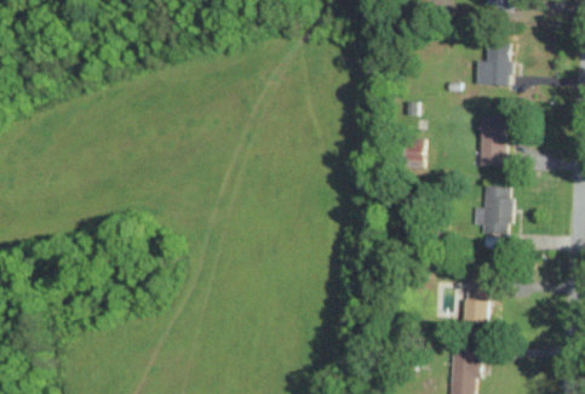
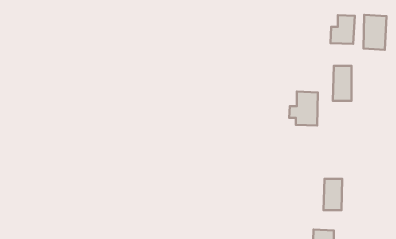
building: none -> [364,15,387,50]
building: [472,187,514,235] -> [289,92,318,126]

